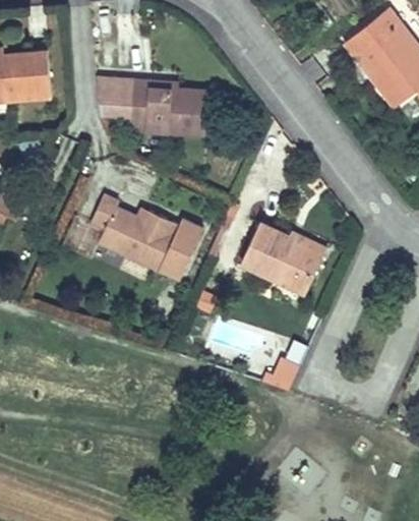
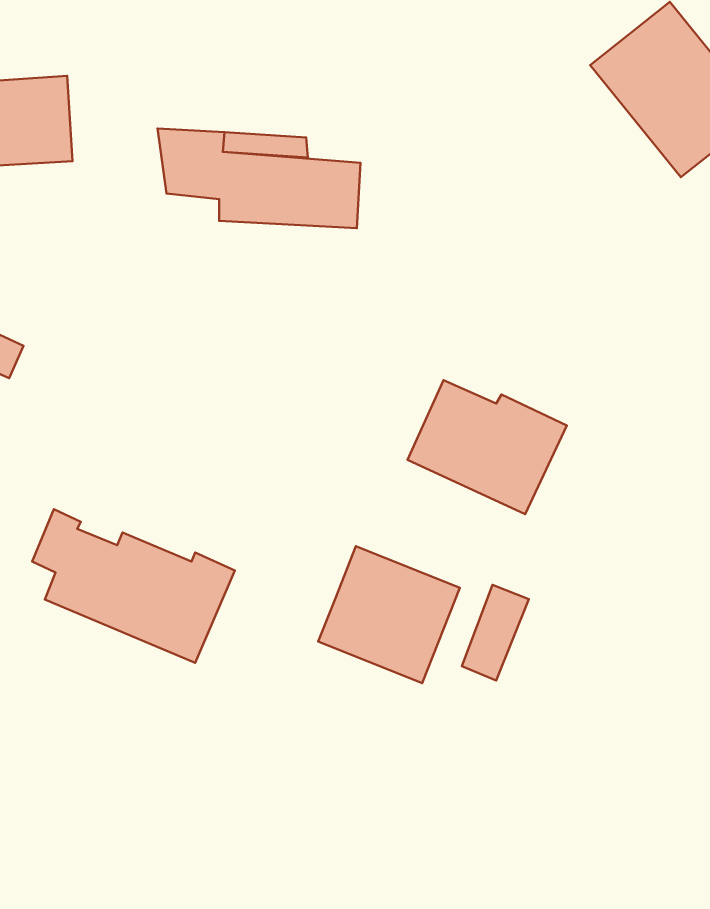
building: [88,194,202,281] -> [32,509,235,663]
building: none -> [318,546,460,683]

